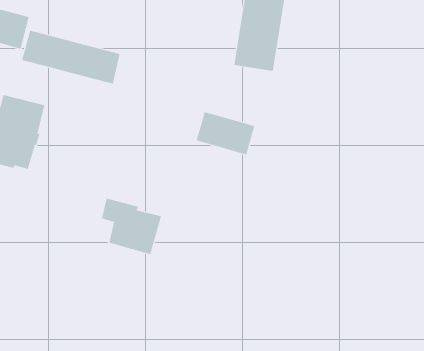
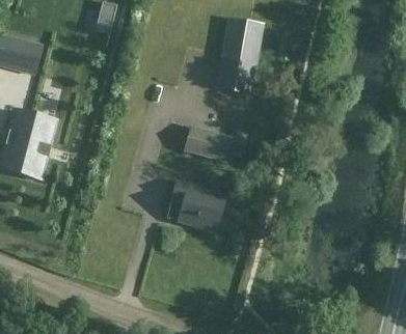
building: [21,30,120,84] -> none
building: [101,198,162,255] -> [172,182,224,230]

